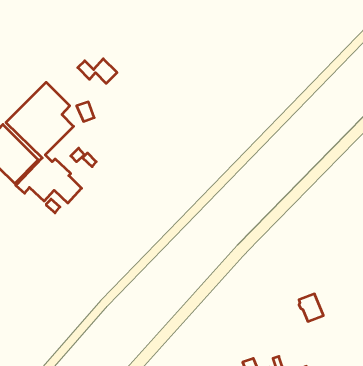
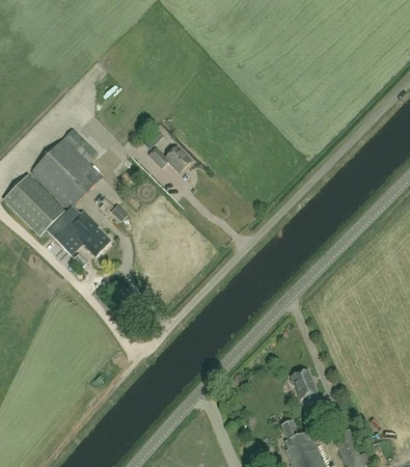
building: [78,59,117,83] -> [148,145,190,171]
building: [299,294,323,321] -> [290,368,316,397]

